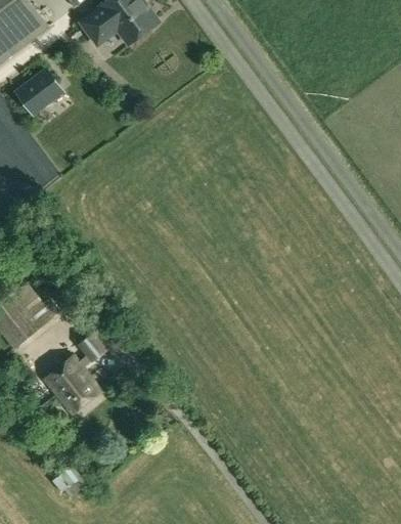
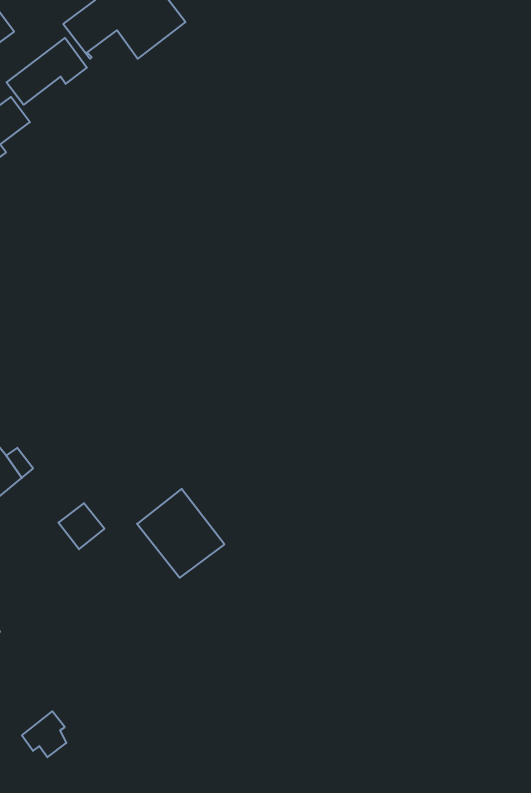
building: none -> [7,38,87,105]
building: [43,354,99,411] -> [137,489,224,578]

